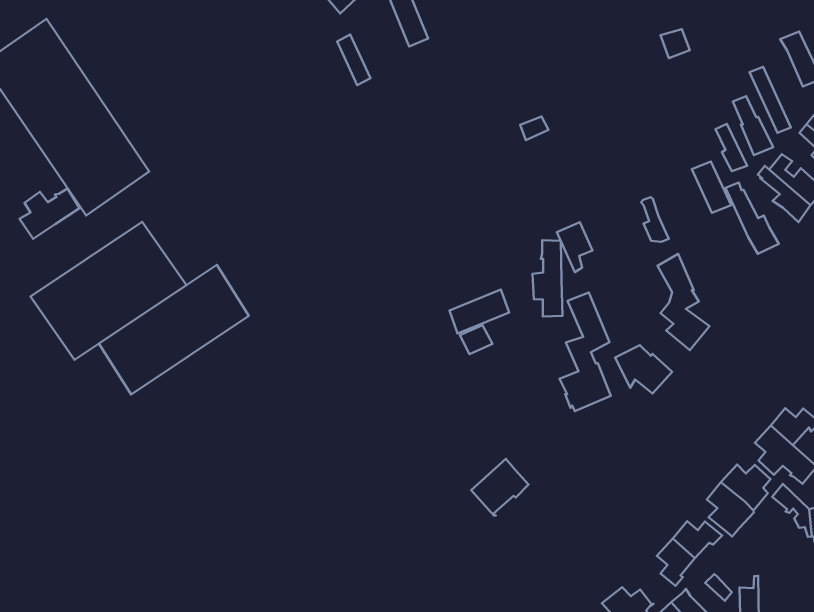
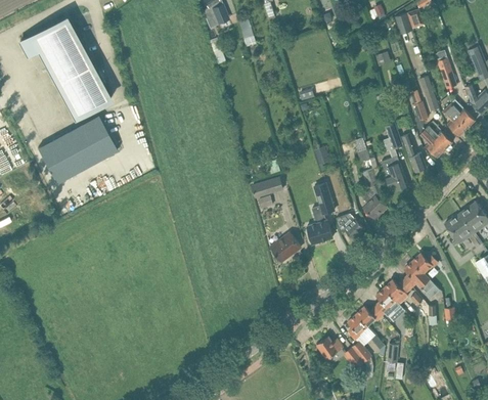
building: [20,189,80,239] -> none
building: none -> [382,155,408,190]
building: [533,240,563,317] -> none
building: [99,265,249,395] -> none
building: [471,459,528,516] -> [271,232,301,261]

